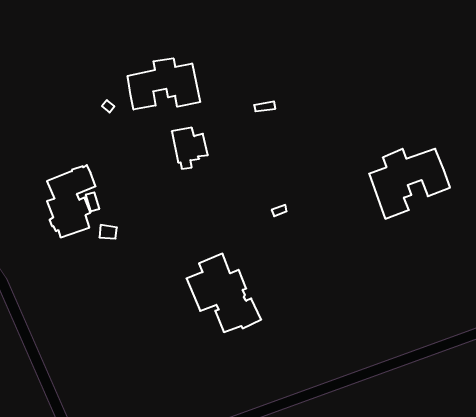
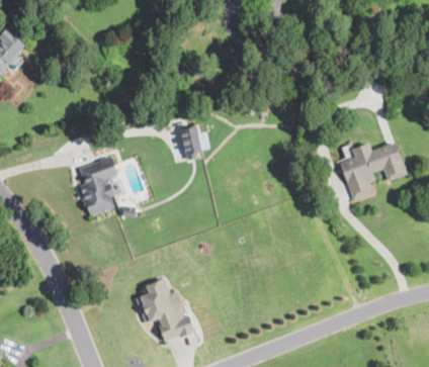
building: [128,58,200,110] -> none
building: [186,254,261,332] -> [136,276,196,340]

